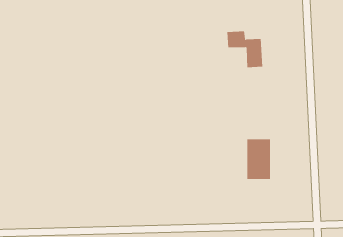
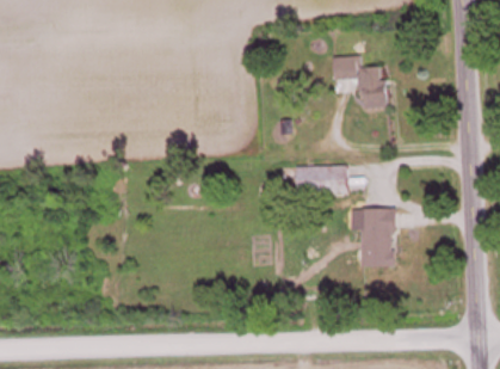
building: none -> [294,166,346,192]

